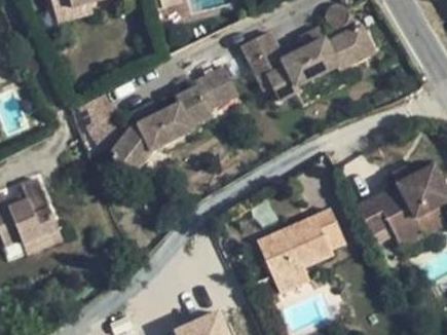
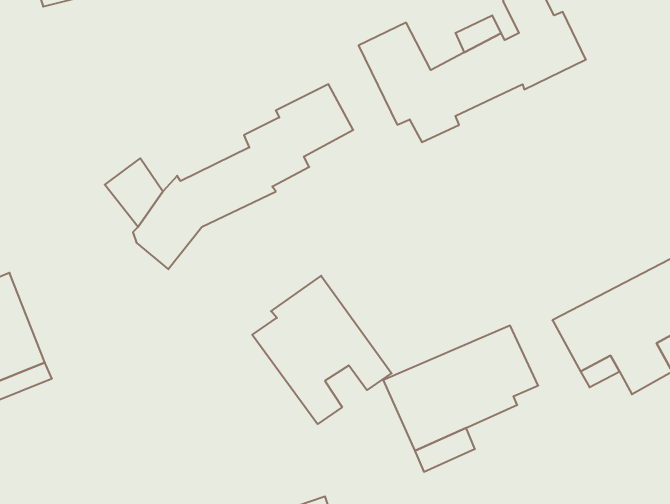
building: none -> [252,276,392,424]

